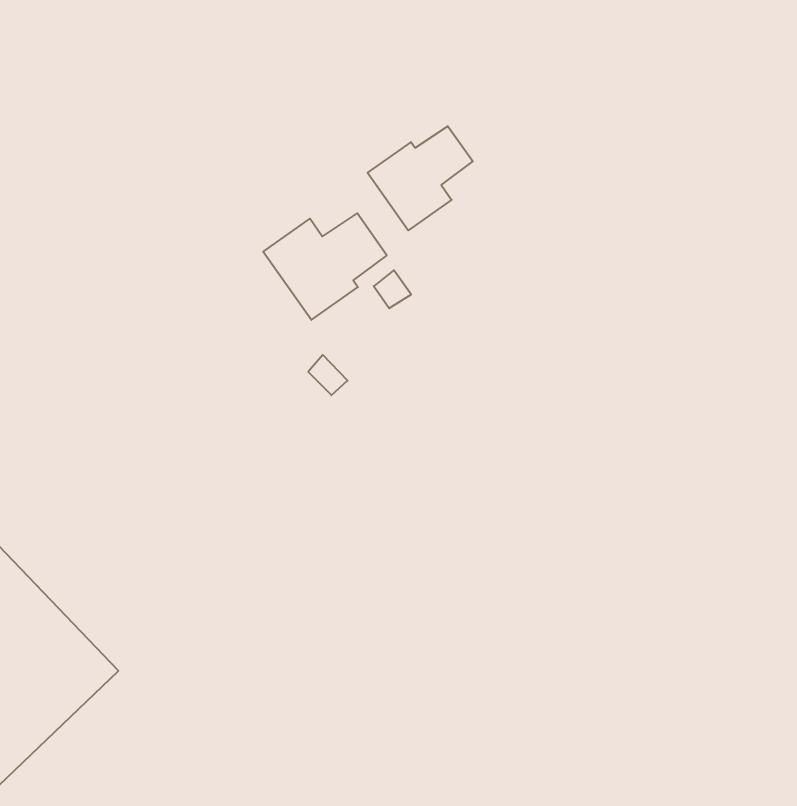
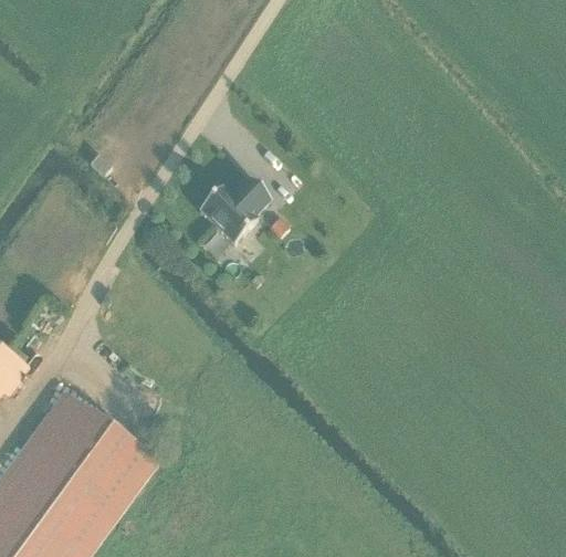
building: [368,126,473,230] -> none

